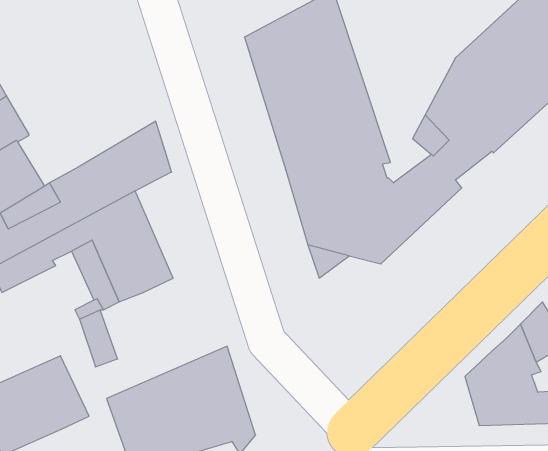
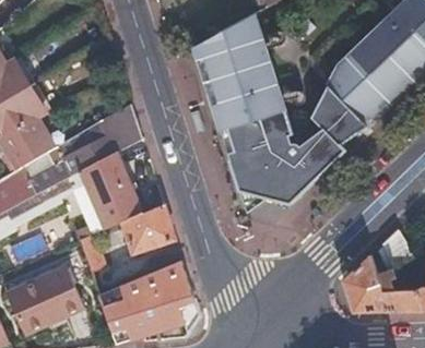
building: none -> [123,203,175,253]

